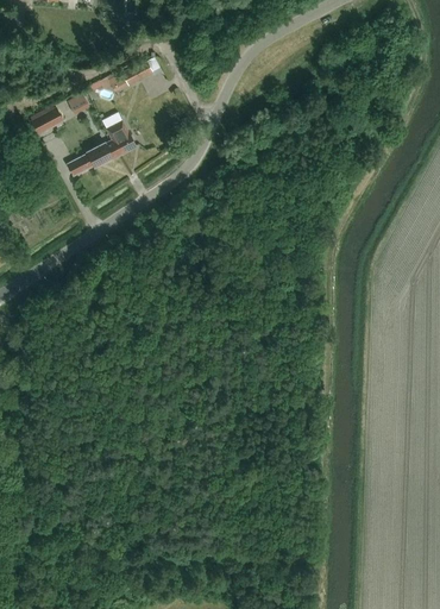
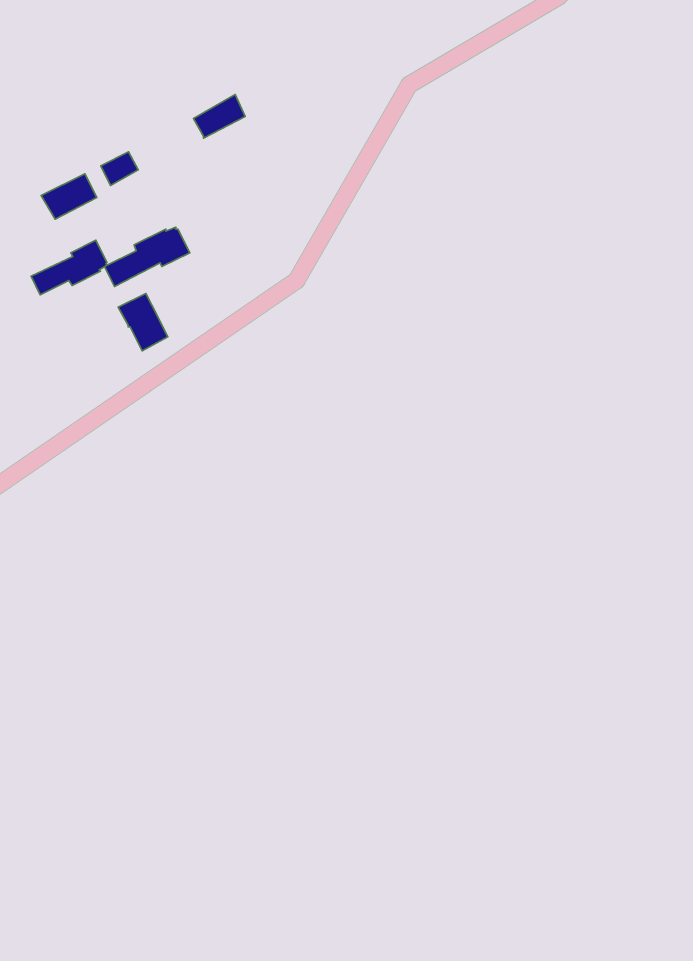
building: [105,121,134,156] -> [118,293,168,351]
building: none -> [31,240,107,295]

